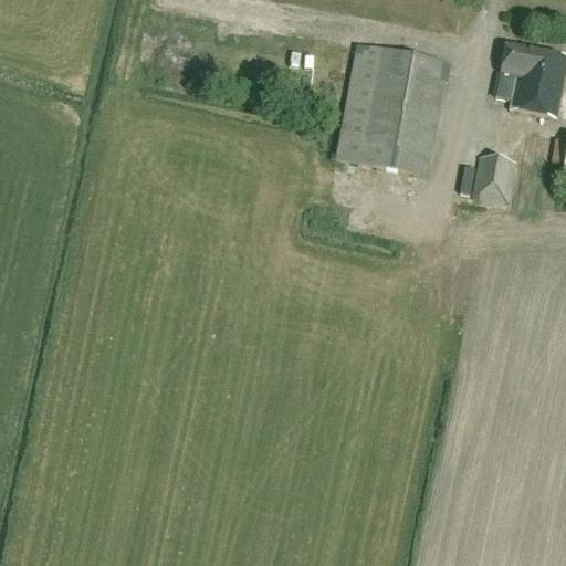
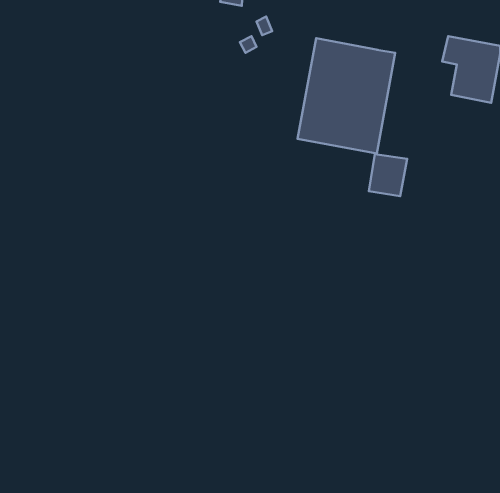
building: [472,153,515,200] -> [369,154,407,196]

